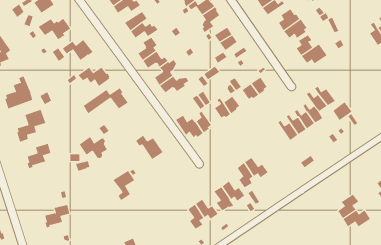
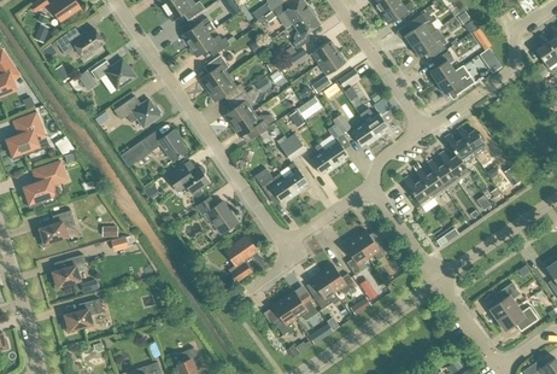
building: [79,136,108,159] -> [166,164,209,197]
building: [113,170,135,201] -> [224,236,257,281]
building: none -> [53,255,86,291]

